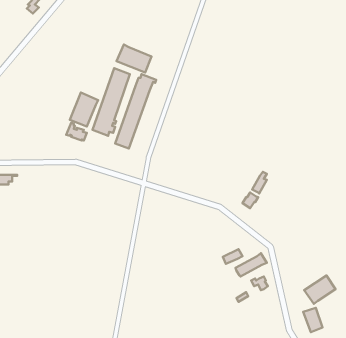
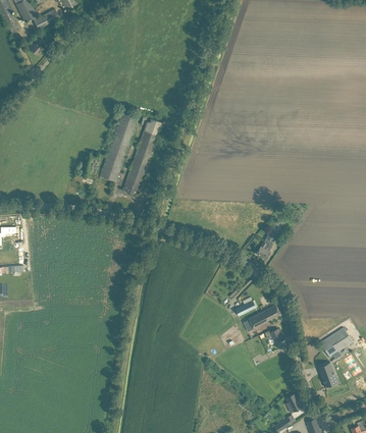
building: [116,45,152,73] -> none
building: [70,92,98,127] -> none

